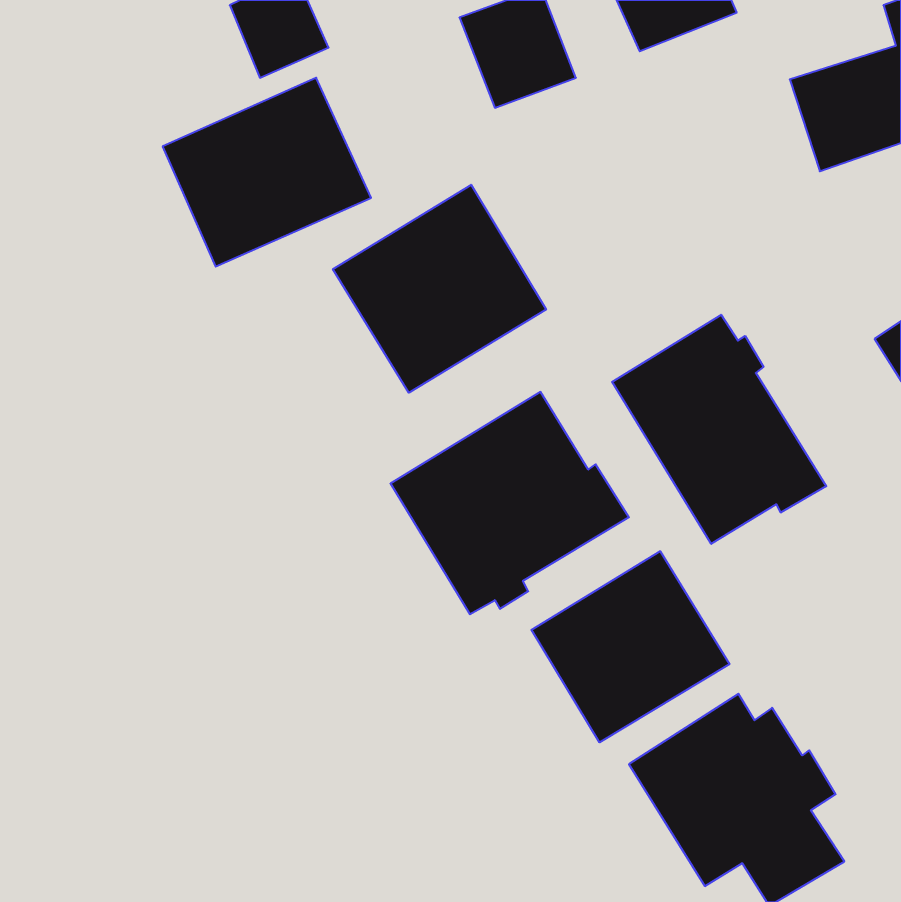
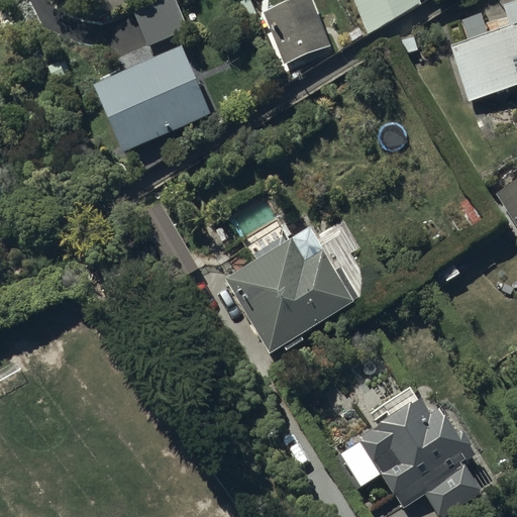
building: [333,185,546,393] -> none
building: [612,315,826,544] -> none
building: [531,551,729,742] -> none

